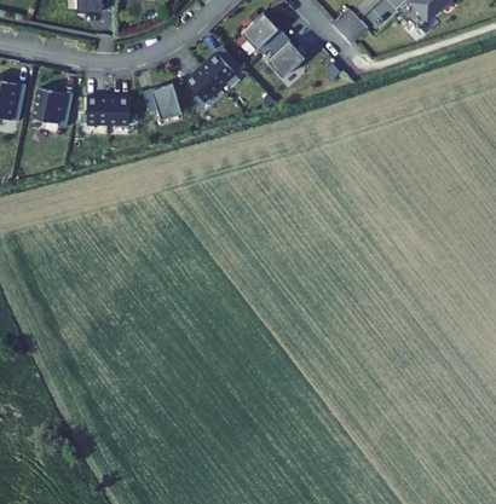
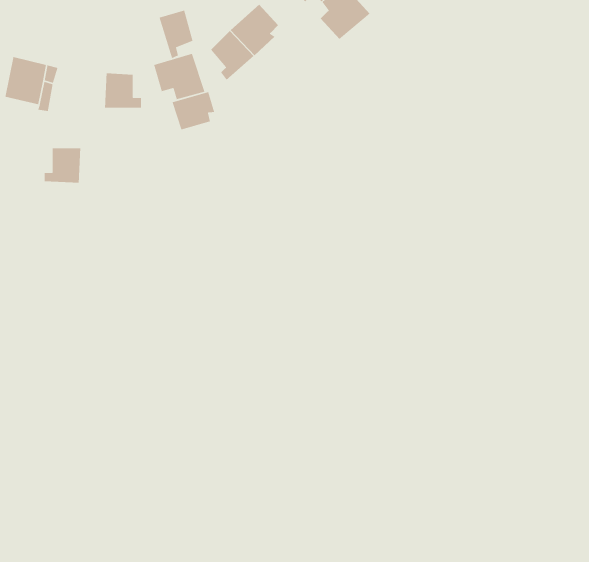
building: none -> [158,9,194,59]
building: [81,99,109,126] -> [44,148,81,184]
building: none -> [172,91,215,131]

